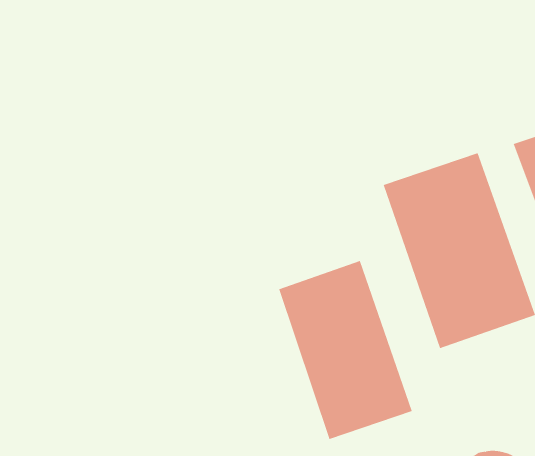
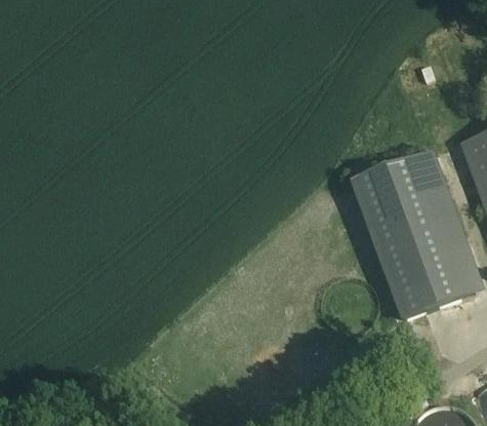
building: [279,260,412,440] -> none

